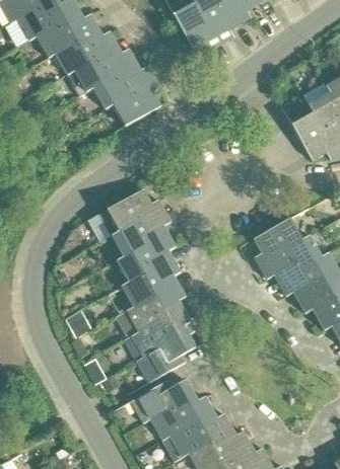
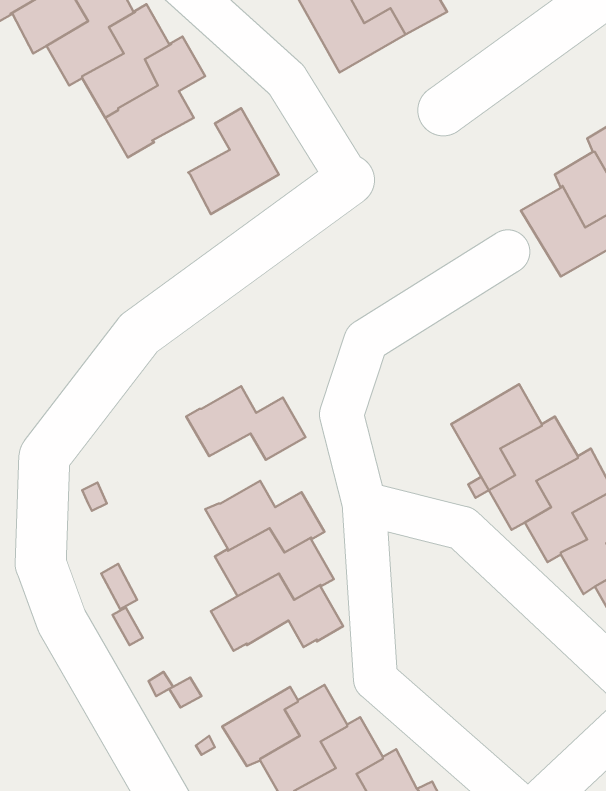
building: [93,48,141,108] -> none
building: [100,188,163,234] -> none
building: [117,243,181,283] -> none
building: [137,343,186,382] -> none

